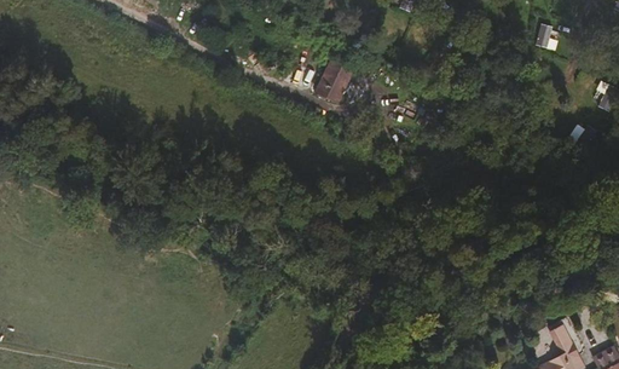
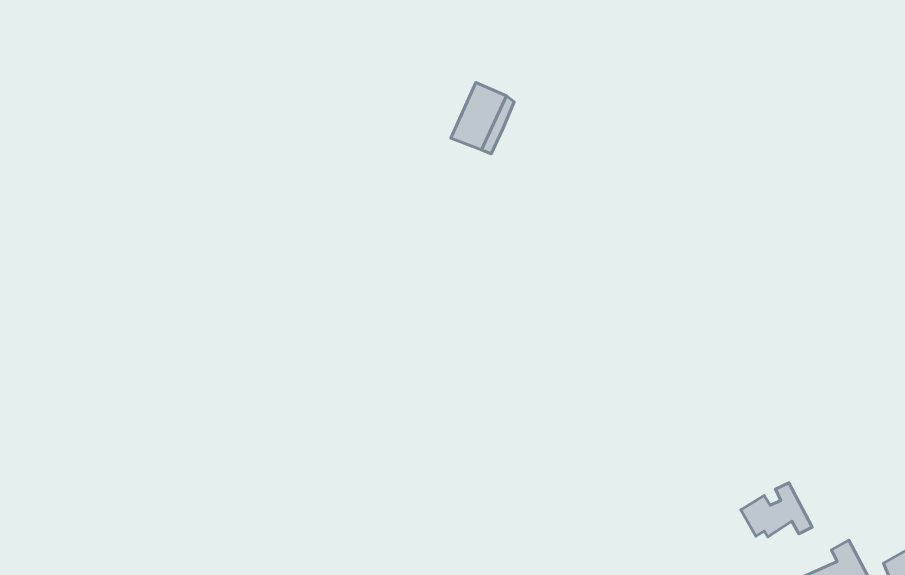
building: none -> [741,483,812,537]

